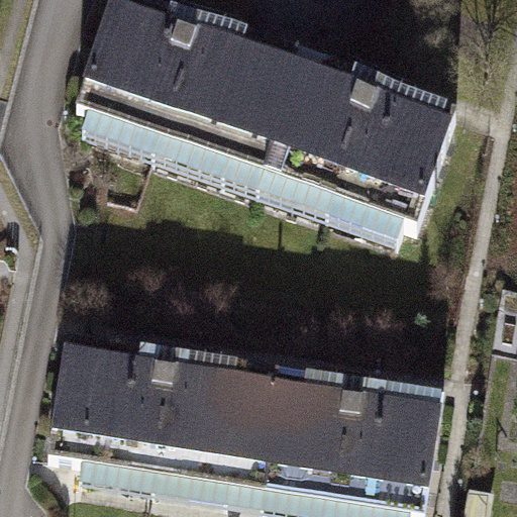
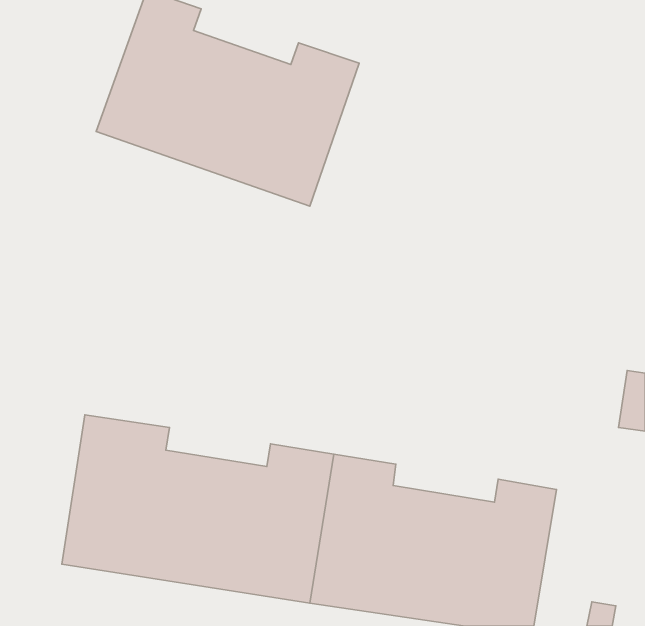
building: [247,50,456,223] -> none

